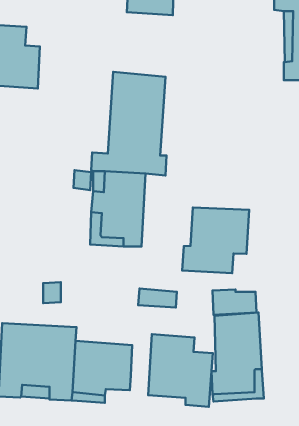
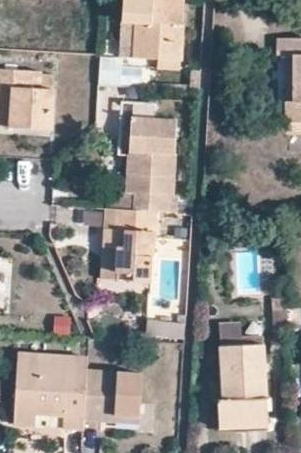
building: [182,207,249,273] -> none
building: [148,334,213,407] -> none

